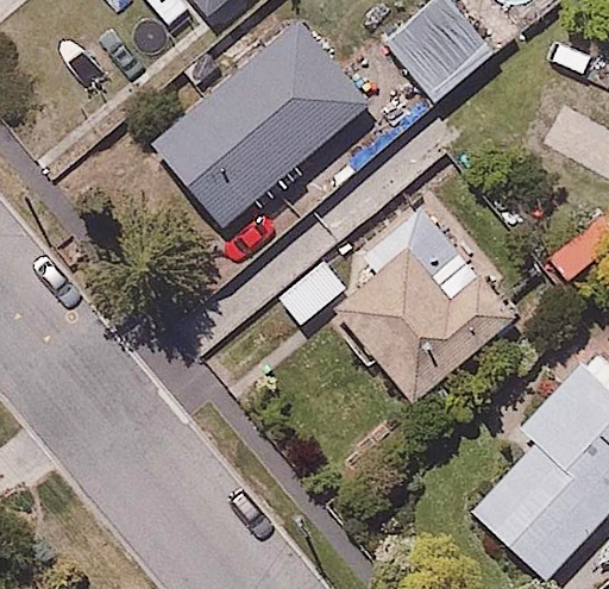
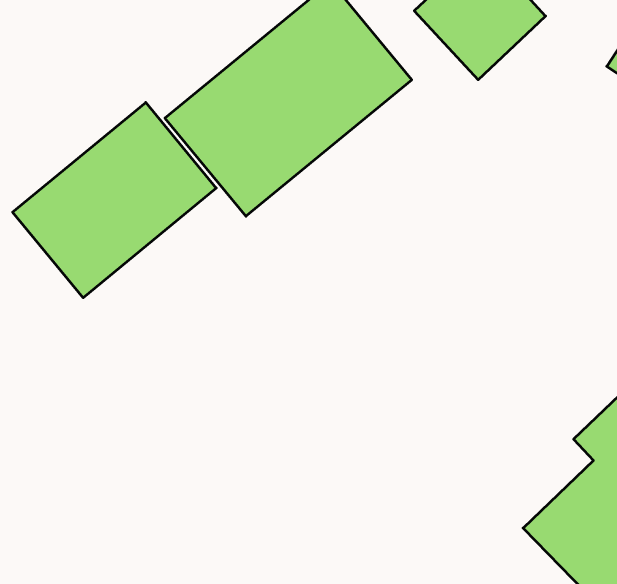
building: none -> [13,102,216,298]
building: [328,202,520,407] -> none

